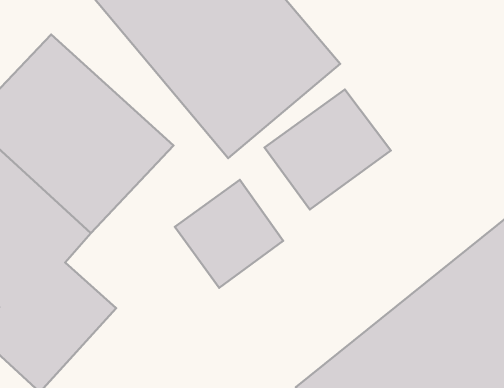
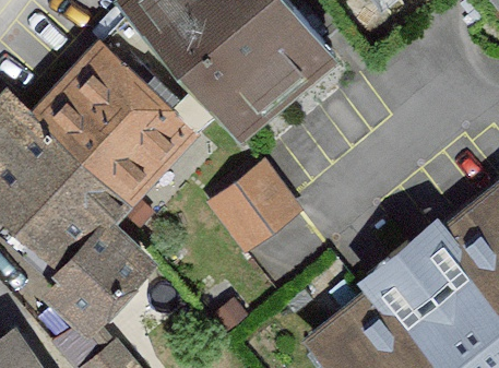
building: [264,90,391,210] -> none

